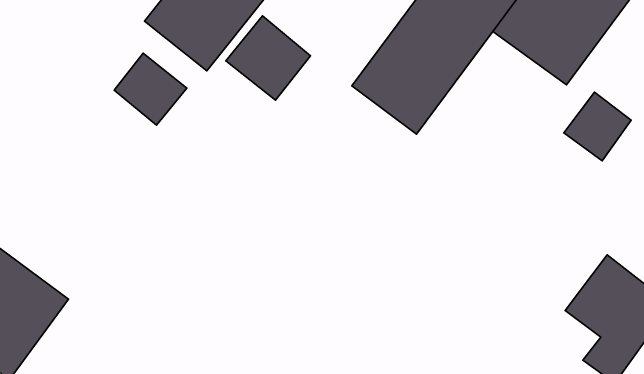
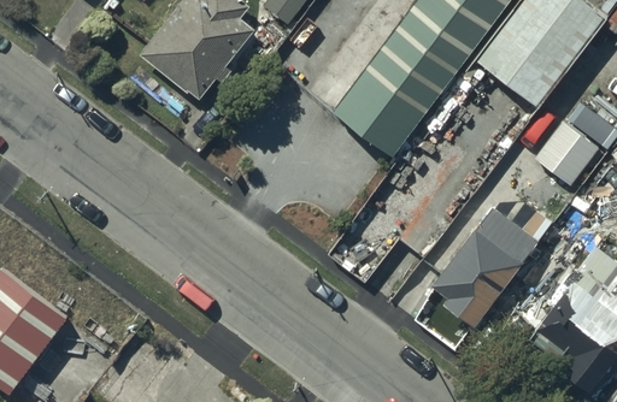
building: [226,16,310,100] -> none
building: [114,53,187,125] -> none
building: none -> [427,206,539,327]

